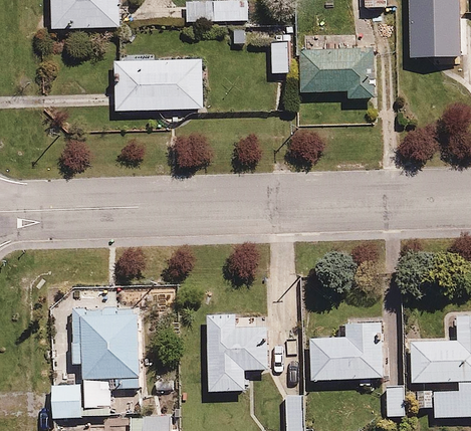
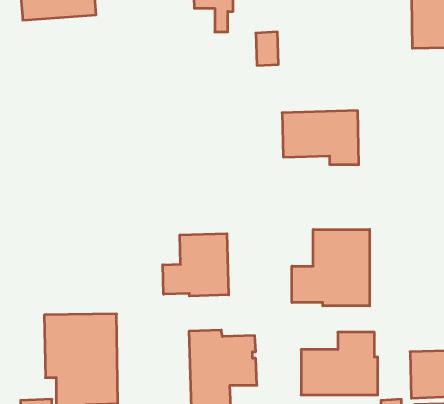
building: [301,49,373,99] -> [282,111,359,165]
building: [111,58,205,112] -> none
building: none -> [292,229,370,306]
building: none -> [163,234,229,296]

